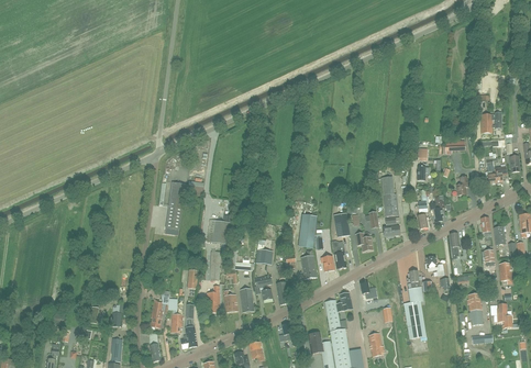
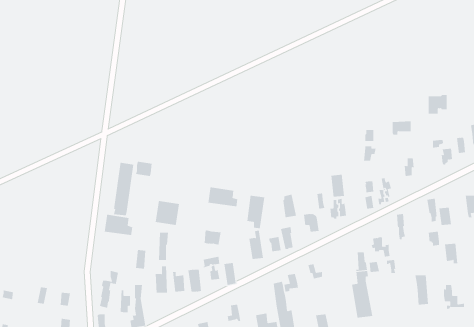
building: none -> [208,186,238,207]
building: none -> [104,214,133,236]

